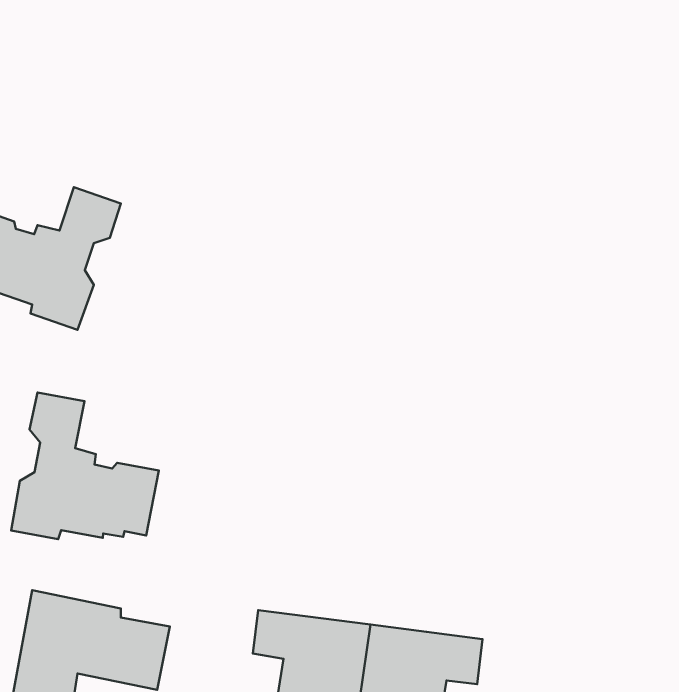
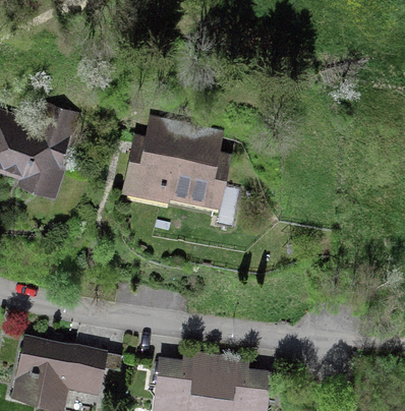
building: none -> [128,126,225,202]
building: [11,392,159,539] -> none

